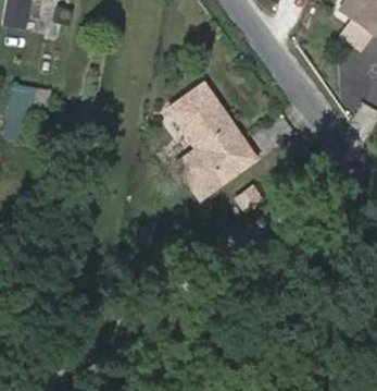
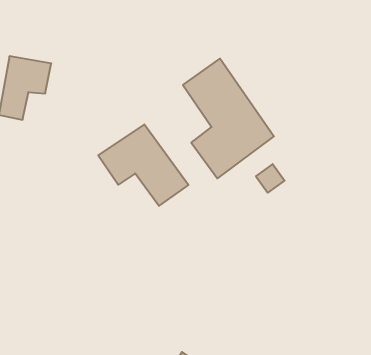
building: none -> [98,124,188,206]

